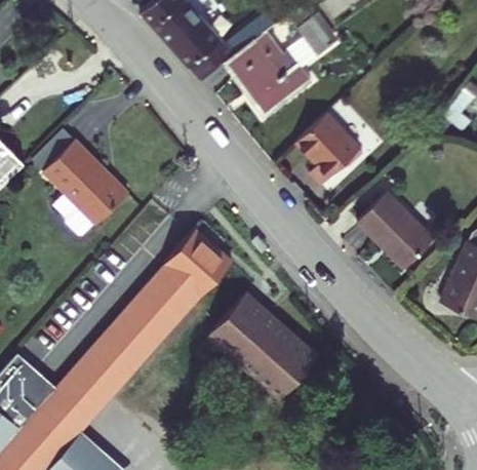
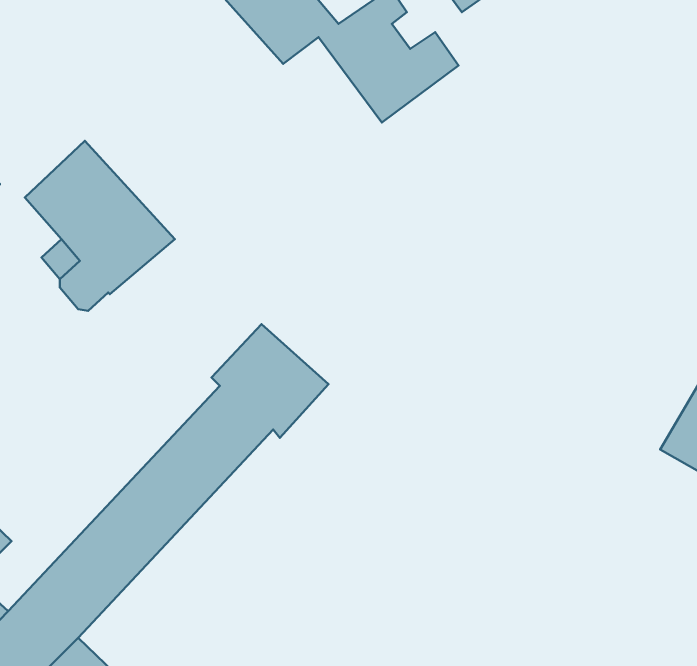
building: [300,101,366,175] -> none
building: [359,197,436,276] -> none
building: [204,305,314,410] -> none

